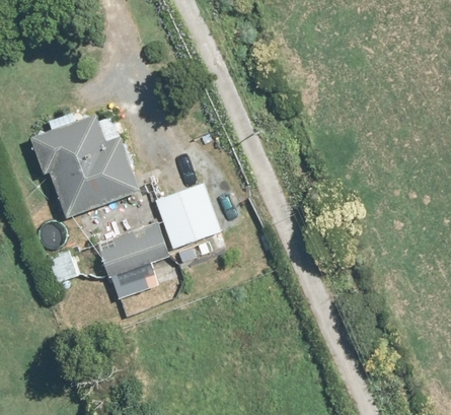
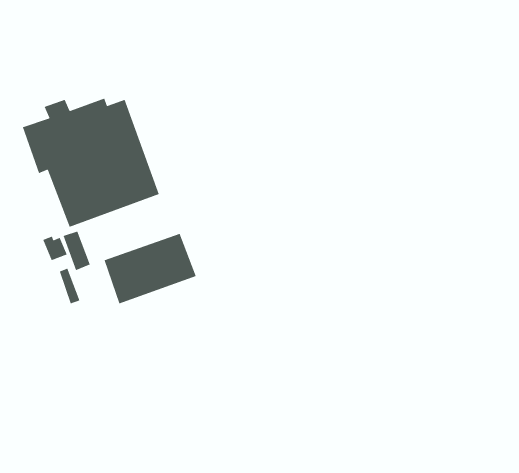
building: [152,184,218,250] -> none

